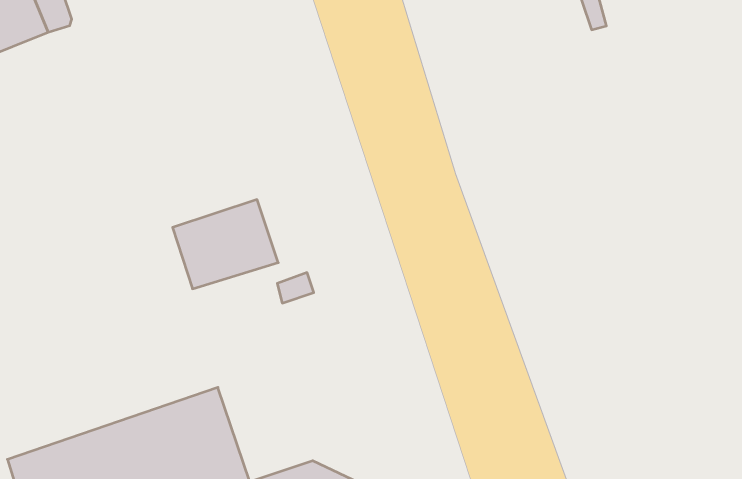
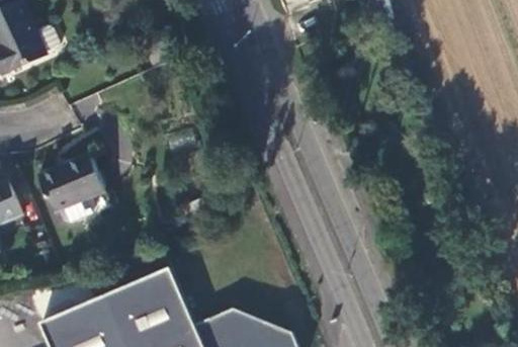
building: [173,200,278,289] -> [36,154,104,212]

